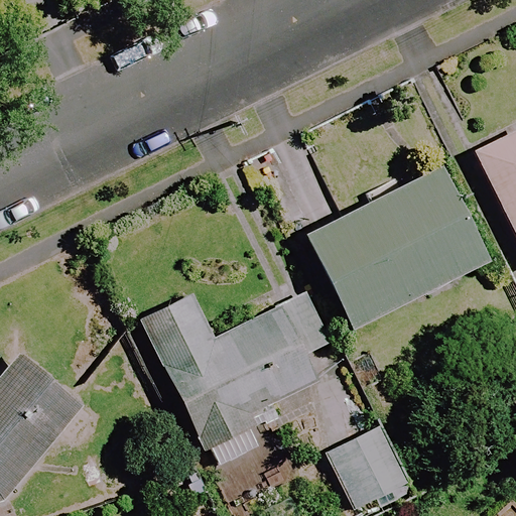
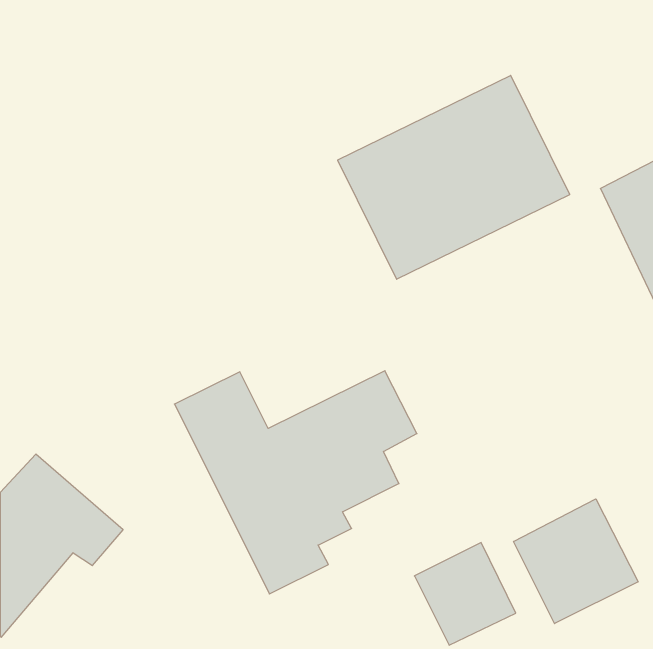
building: [305,168,488,329] -> [338,75,570,279]
building: none -> [514,499,638,624]

